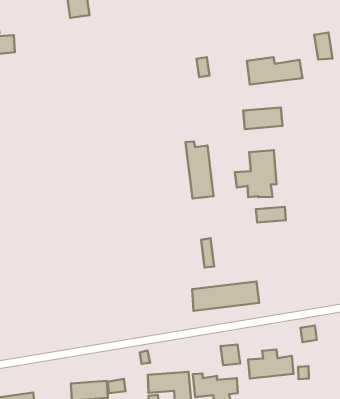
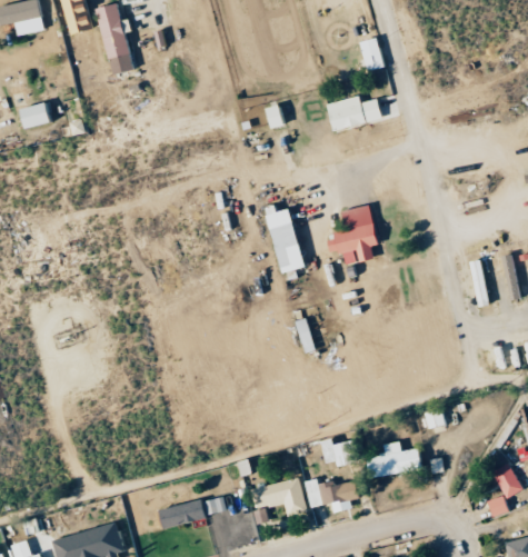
building: [314,33,332,60] -> [360,38,385,71]
building: [243,107,283,129] -> none
building: [256,207,286,223] -> none
building: [192,282,259,311] -> none

